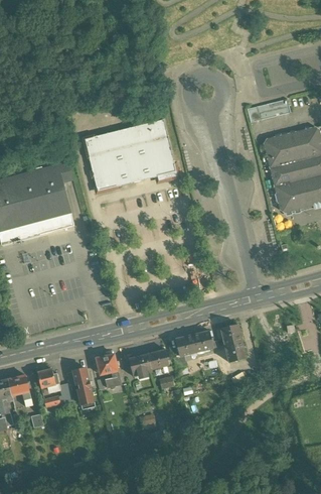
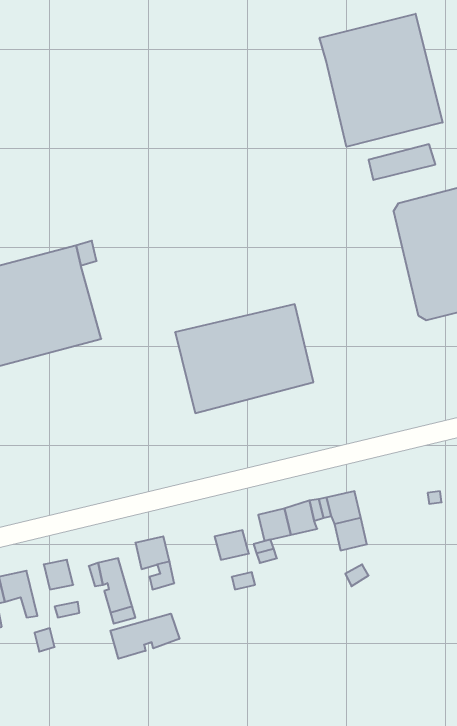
building: none -> [320,14,443,147]
building: [87,119,176,190] -> [175,304,313,413]
building: [128,353,152,375] -> none
building: none -> [110,614,179,659]

